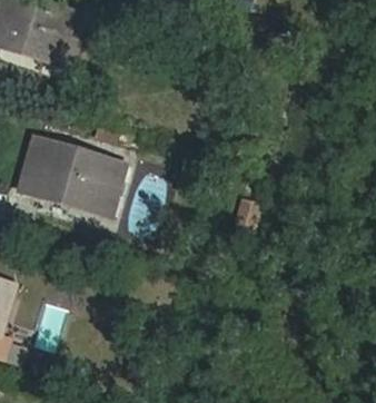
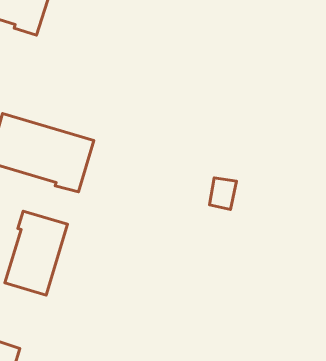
building: none -> [5,211,68,295]

